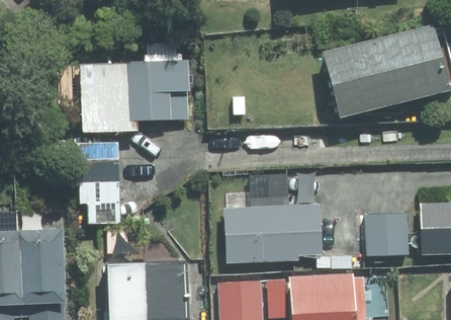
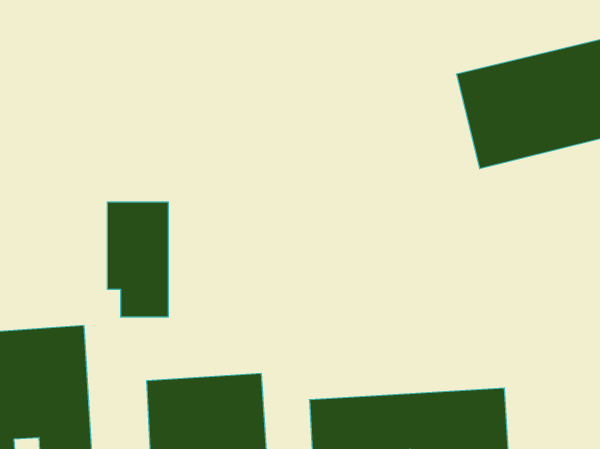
building: [77,58,191,134] -> none
building: [225,203,324,263] -> none
building: [367,213,411,255] -> none

